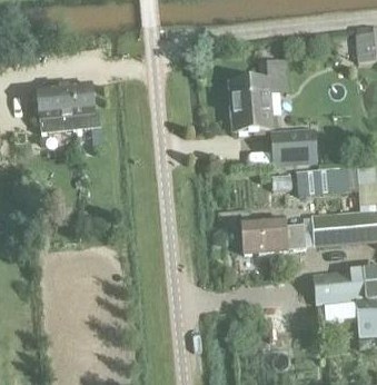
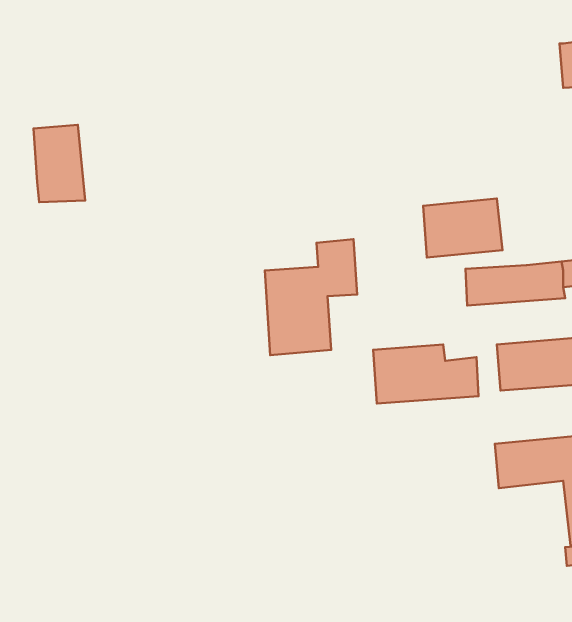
building: [229,61,285,131] -> [265,239,357,355]
building: [62,81,98,129] -> none

